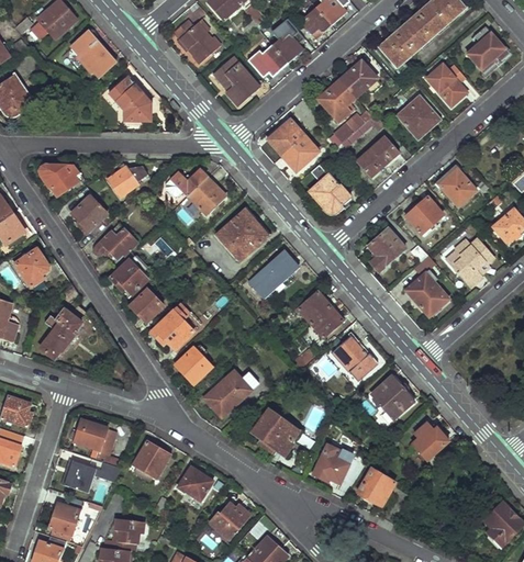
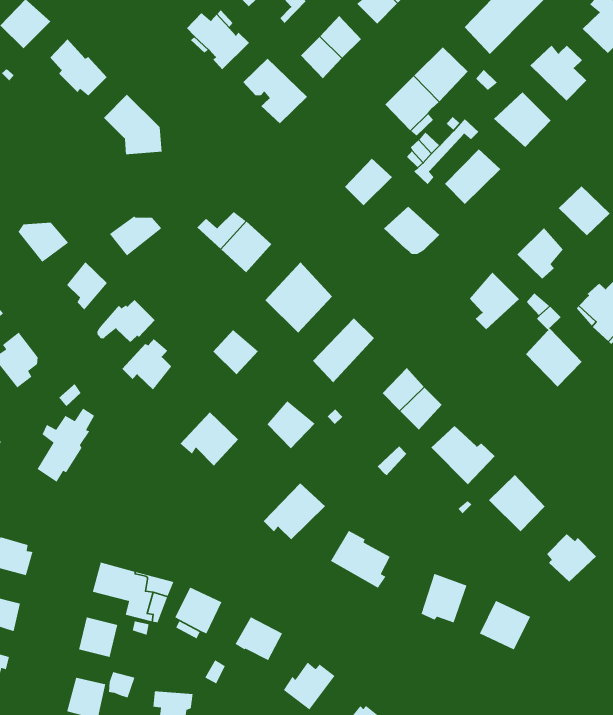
building: [268,119,304,156] -> none
building: [129,290,163,324] -> [212,329,259,375]
building: [174,349,210,385] -> [266,400,316,449]

